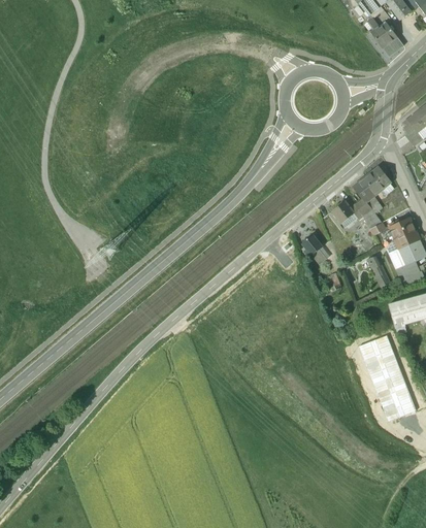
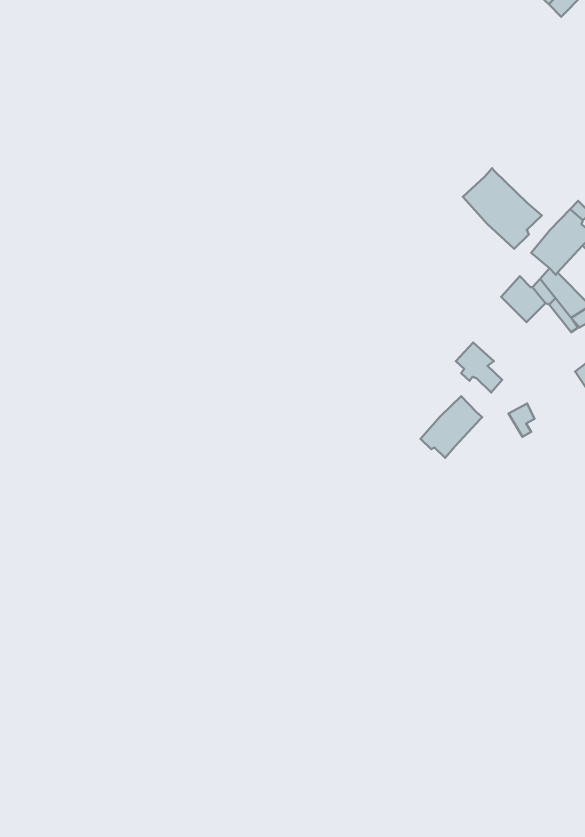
building: none -> [463,168,542,249]
building: none -> [421,396,482,458]

